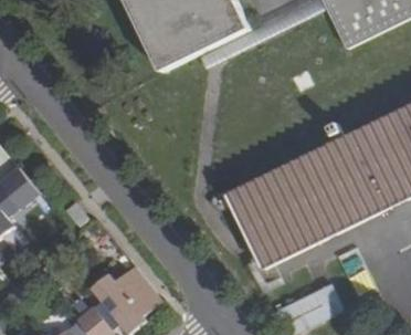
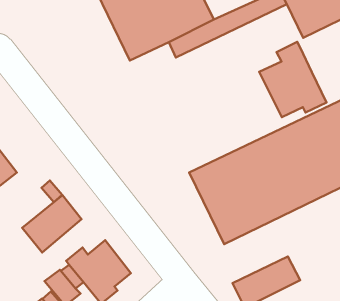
building: none -> [259,42,326,117]
building: none -> [22,195,82,253]

